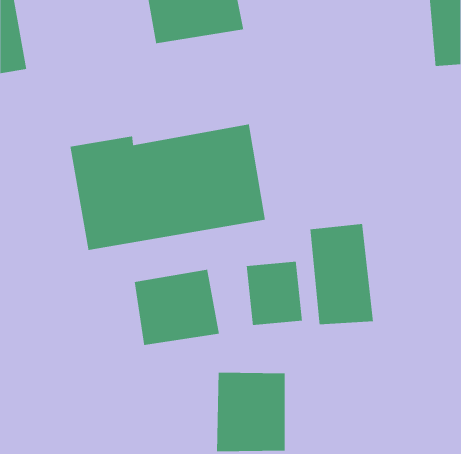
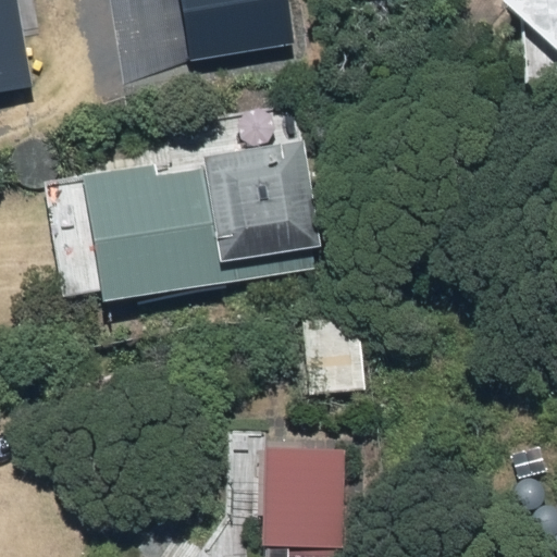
building: [310,223,374,325] -> none
building: [134,269,220,346] -> none

